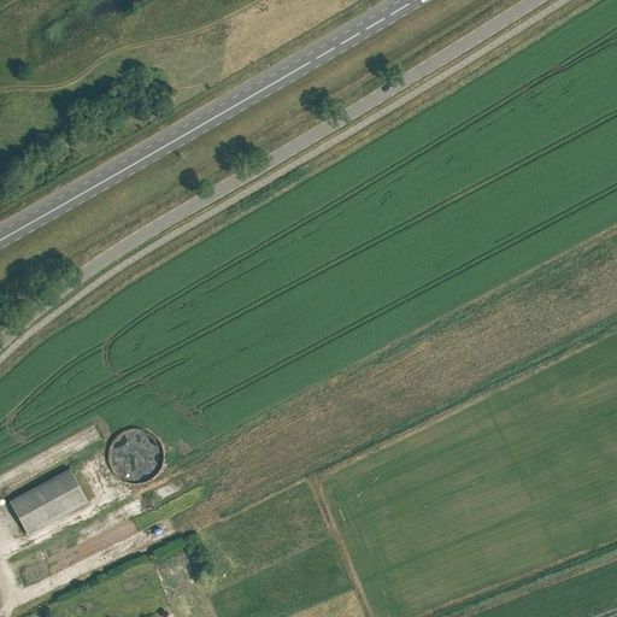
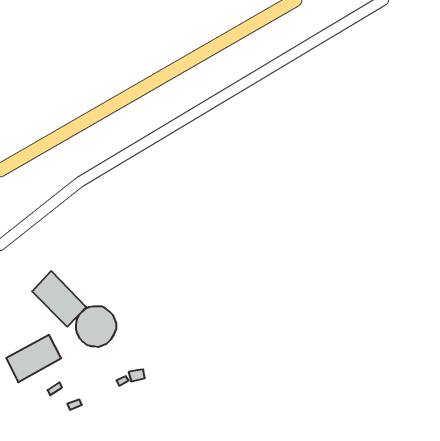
building: none -> [32,271,86,327]

